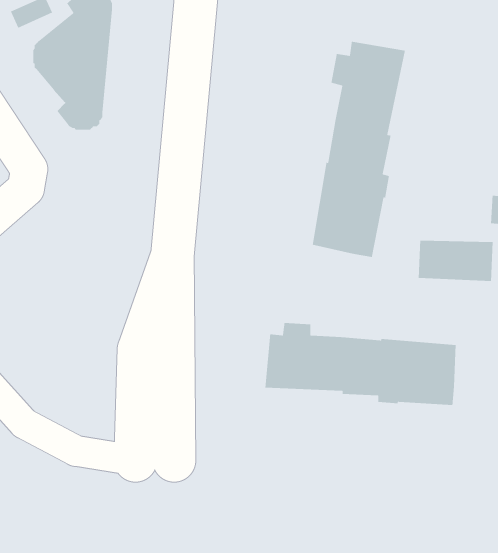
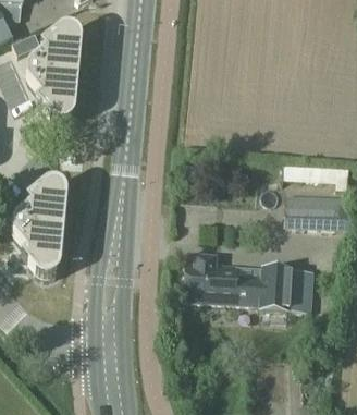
building: [312,41,406,258] -> none
building: none -> [11,181,66,278]

